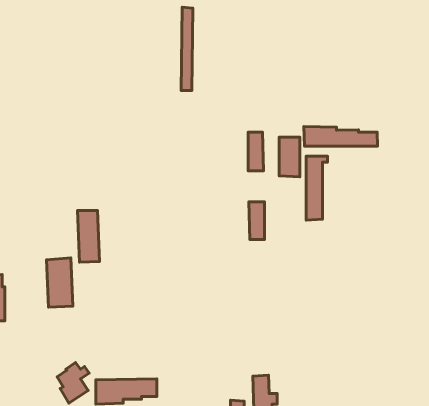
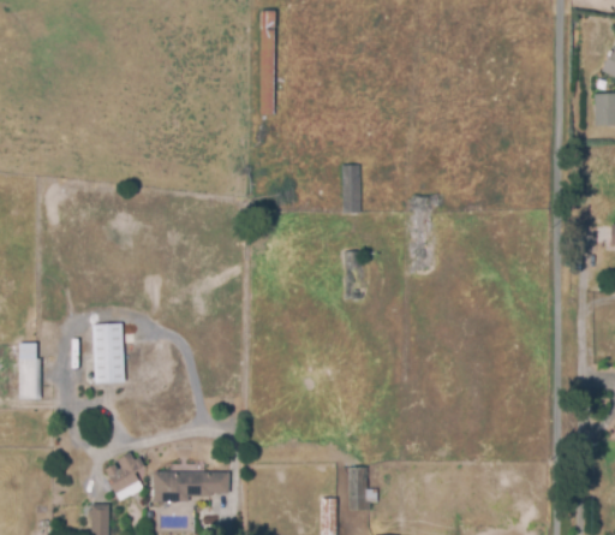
building: [304,127,378,146] -> none
building: [279,137,300,177] -> none
building: [78,210,99,262] -> none

